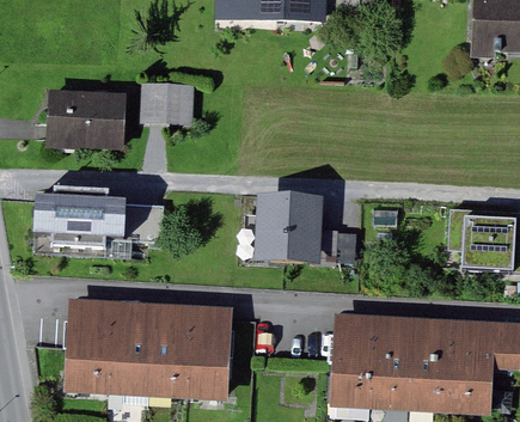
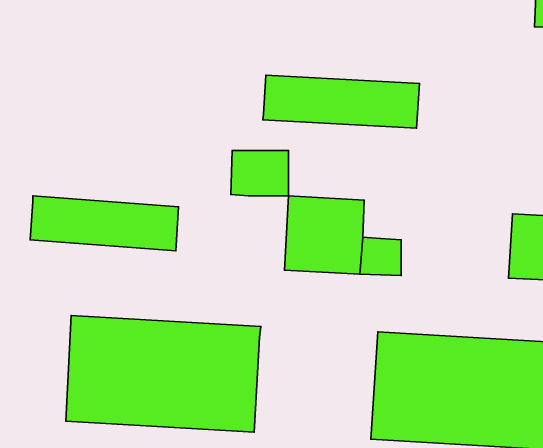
building: [141,82,191,122] -> [231,151,288,196]
building: [45,88,128,151] -> none
building: none -> [263,75,419,128]

